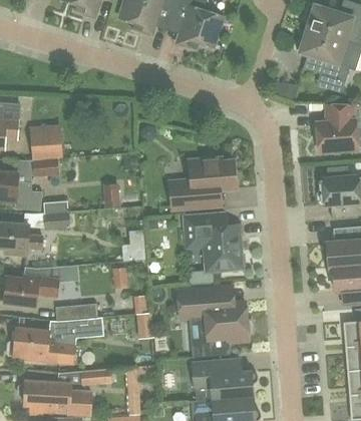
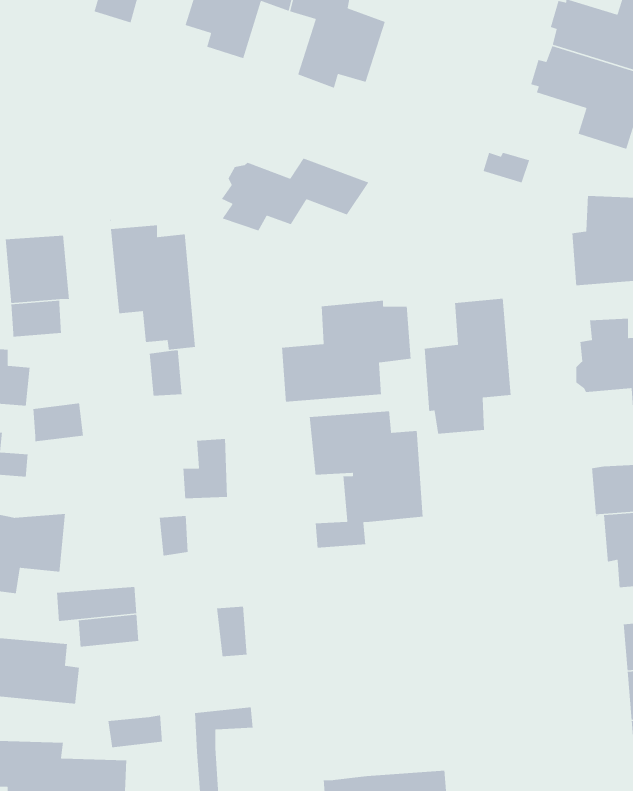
building: none -> [221,157,370,231]
building: none -> [109,219,196,350]
building: none -> [424,298,511,435]
building: [179,286,254,355] -> none
building: [194,359,259,401] -> none

